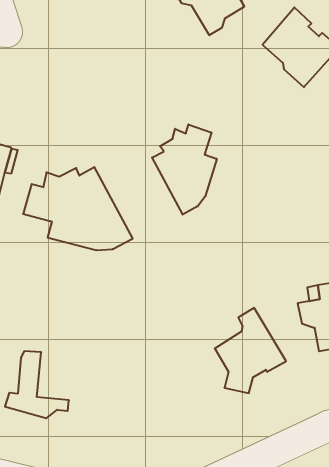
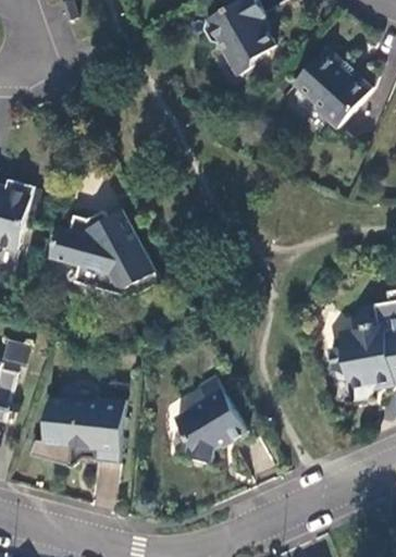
building: [152,124,217,215] -> none
building: [215,308,286,393] -> [174,375,247,462]
building: none -> [62,395,125,462]

